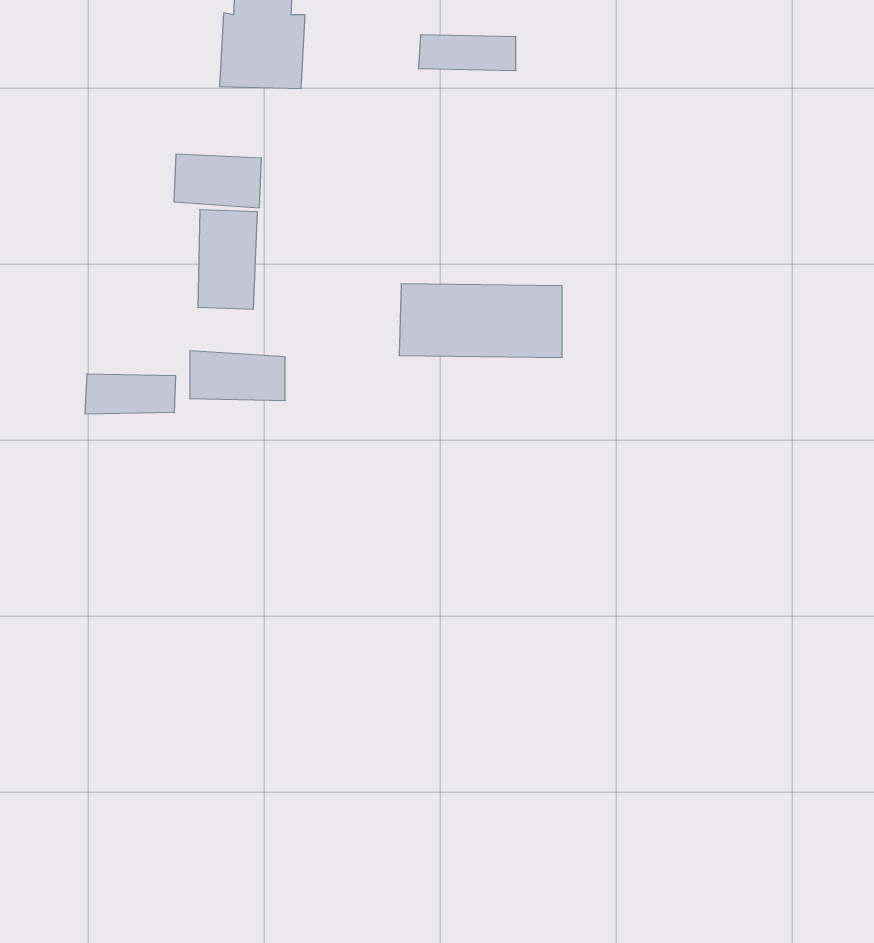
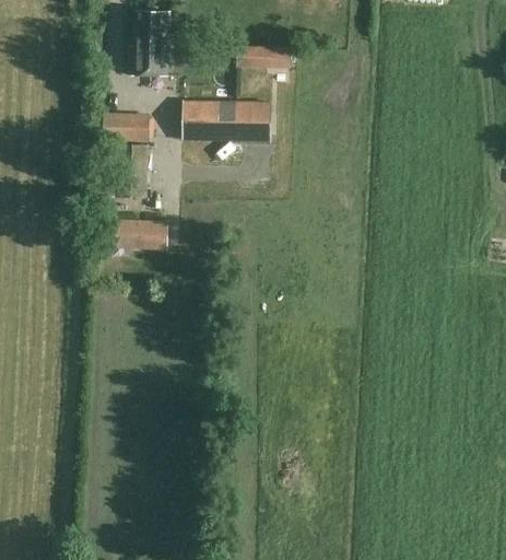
building: [399,284,562,357] -> [183,98,272,139]
building: [85,374,176,414] -> none

